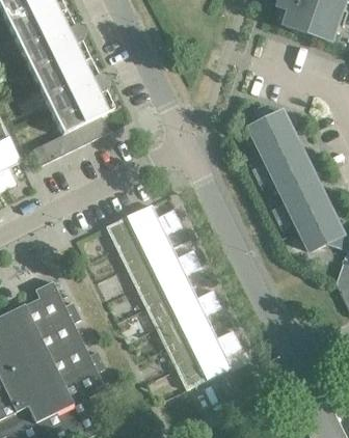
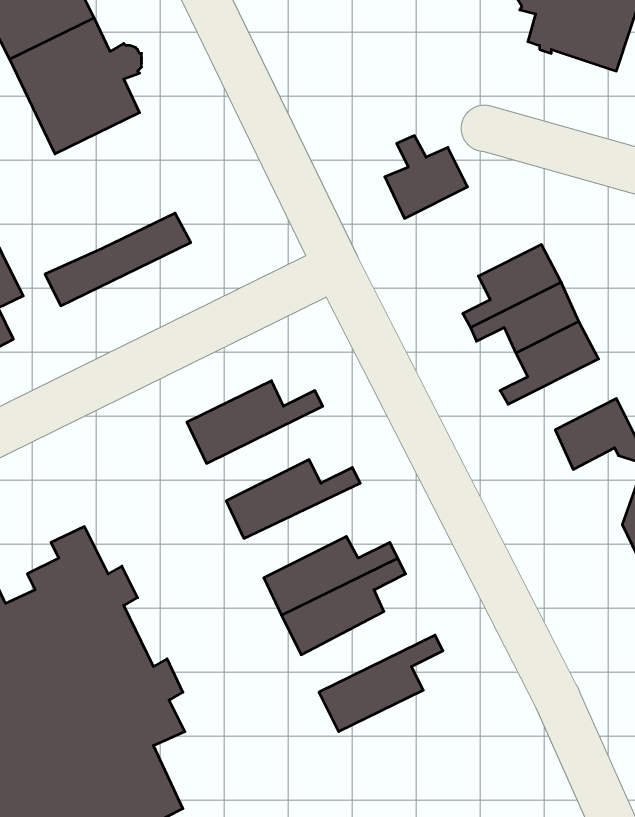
building: [36,62,107,134] -> none
building: [249,105,293,148] -> [385,136,468,218]
building: [275,192,332,229] -> none
building: [116,217,182,267] -> none
building: [136,257,202,307] -> none
building: [166,325,237,367] -> none

